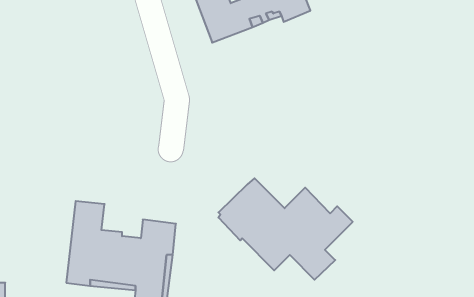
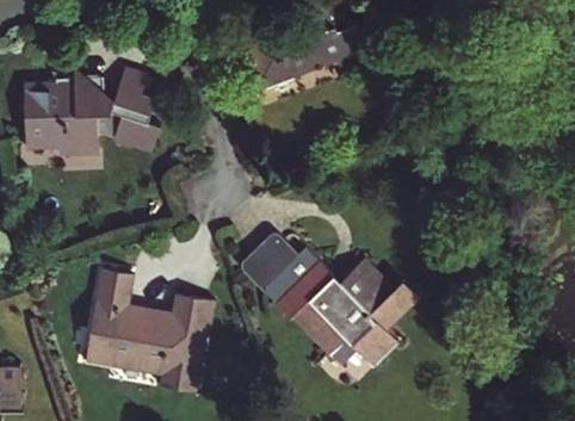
building: none -> [23,69,161,153]
building: none -> [242,235,297,292]

